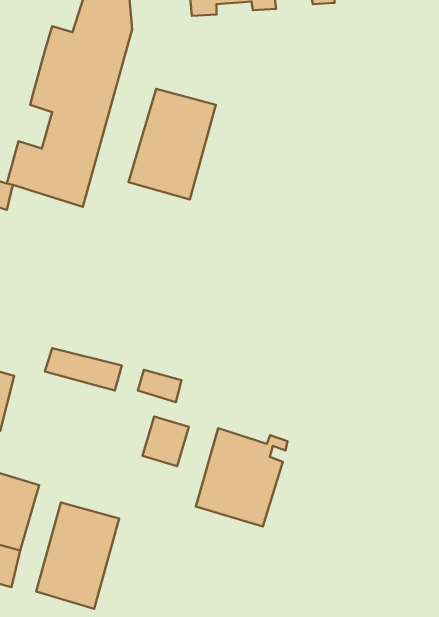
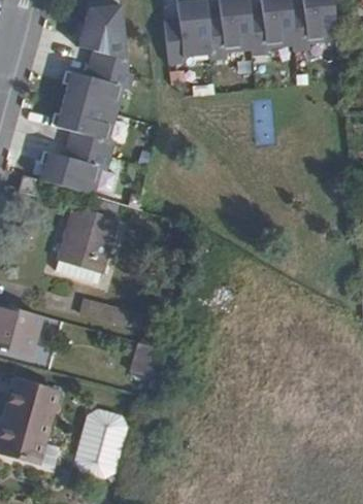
building: [129,89,216,200] -> [56,207,118,285]
building: [196,428,288,526] -> none

